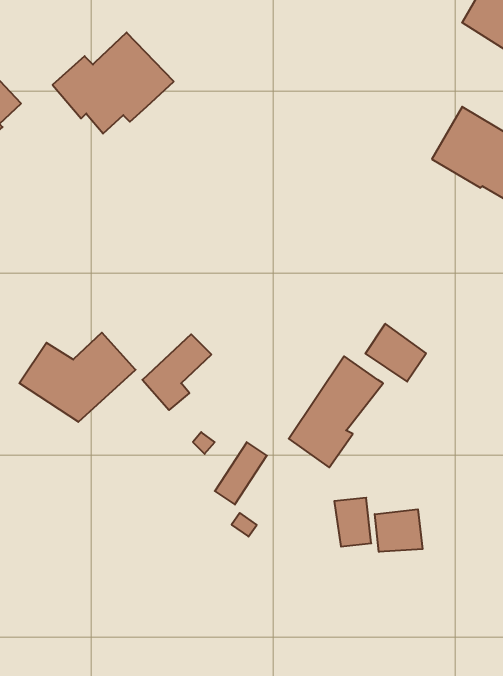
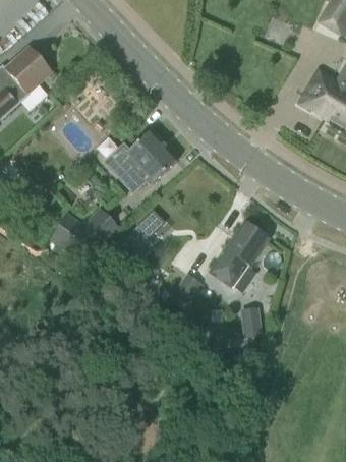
building: [53,32,174,134] -> [104,130,177,191]
building: [365,324,426,382] -> none
building: [375,509,423,552] -> none

